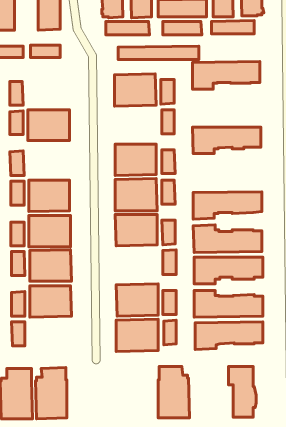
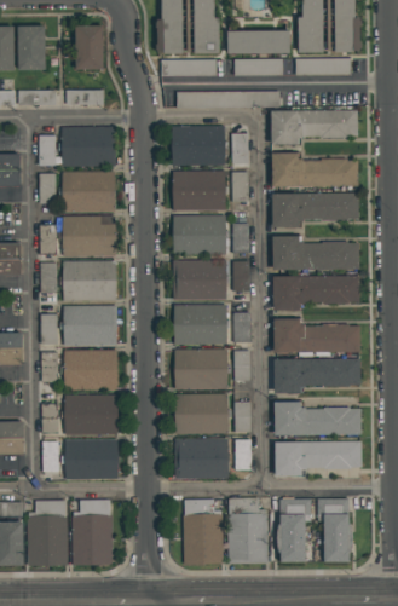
building: none -> [62,126,115,167]
building: none -> [271,152,358,187]
building: none -> [172,171,225,210]
building: none -> [58,215,116,256]
building: none -> [271,236,359,270]
building: none -> [174,350,227,389]
building: none -> [64,439,119,480]
building: none -> [183,498,223,564]
building: none -> [276,498,311,562]

